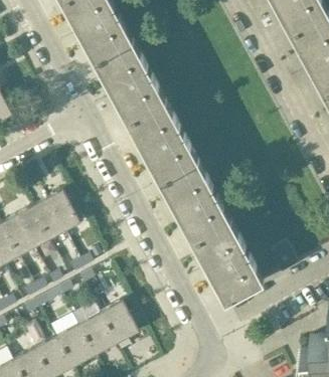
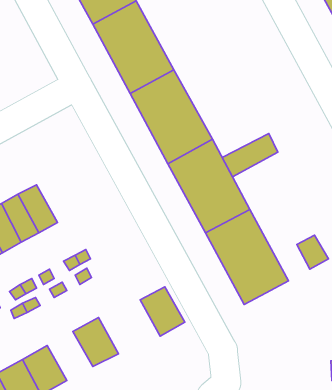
building: none -> [222,134,278,177]
building: [45,190,77,231] -> none
building: [99,302,137,344] -> [140,287,185,336]
building: [54,325,94,367] -> none

